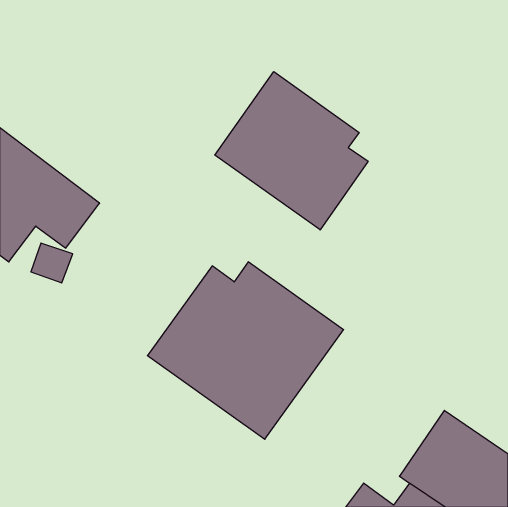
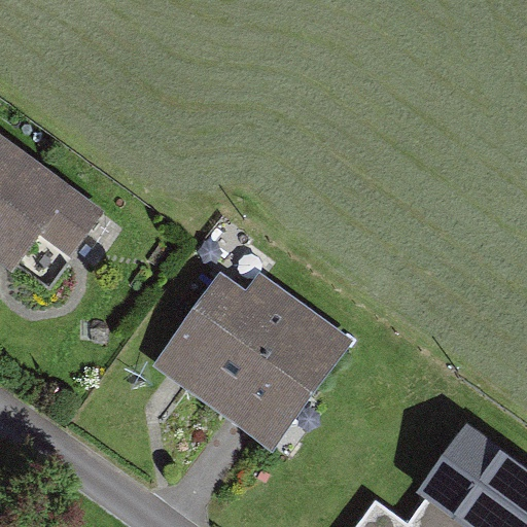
building: [215,72,368,230] -> none

